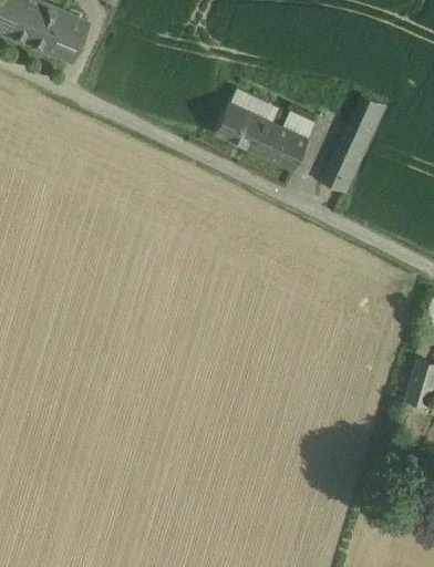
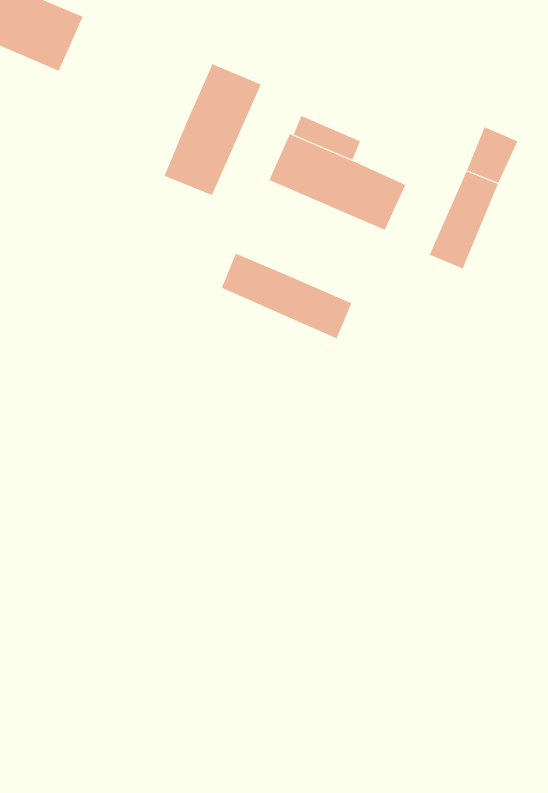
building: none -> [164,63,261,196]
building: none -> [221,253,352,339]

